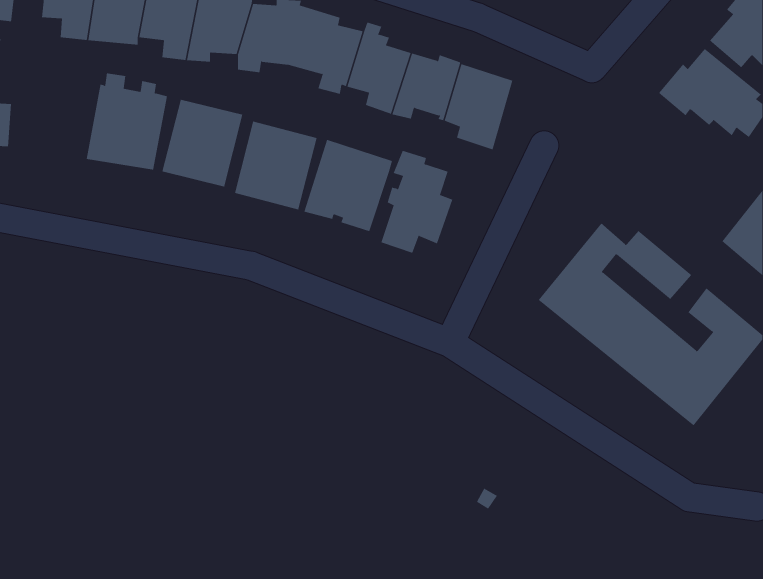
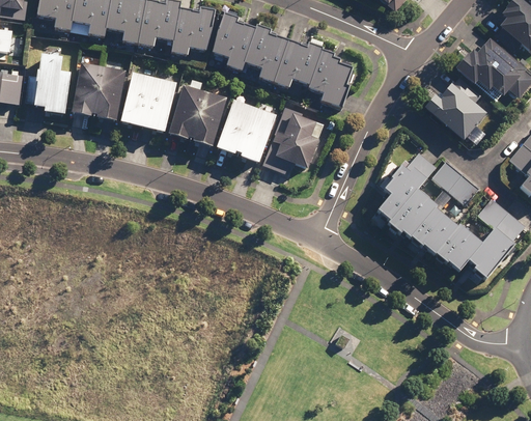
building: none -> [24,55,72,114]
building: none -> [424,76,487,141]

